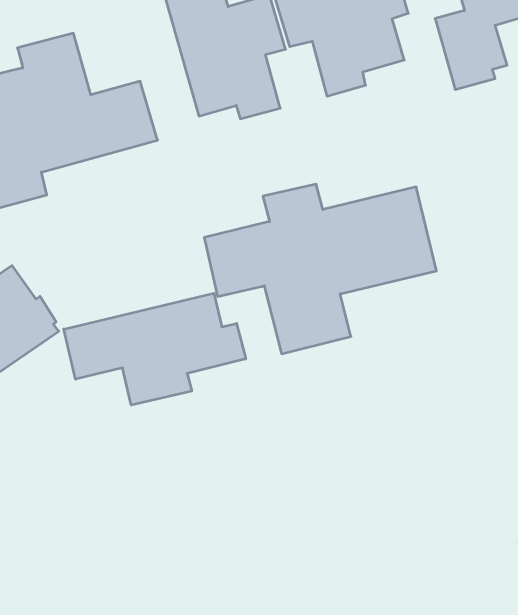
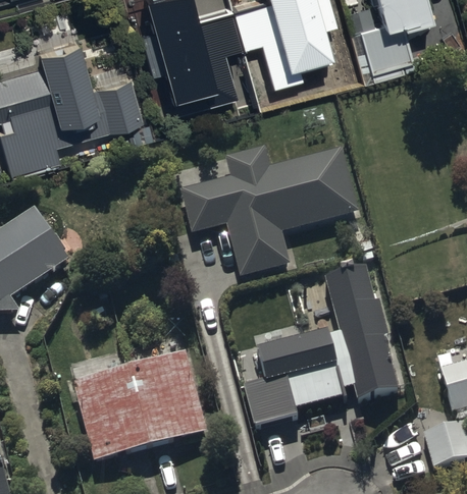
building: [64,293,246,405] -> none
building: none -> [243,259,399,418]
building: none -> [73,358,211,471]

